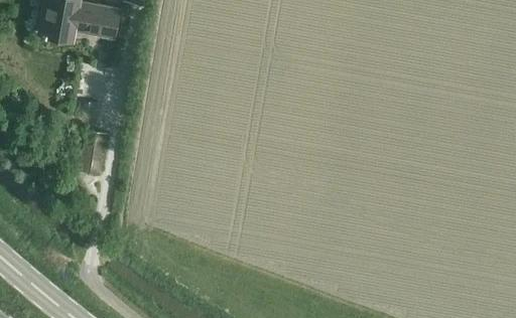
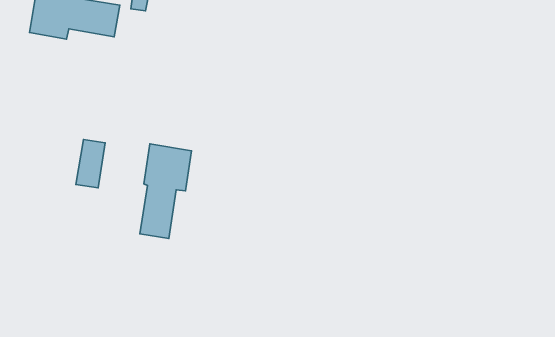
building: none -> [140,144,192,238]

